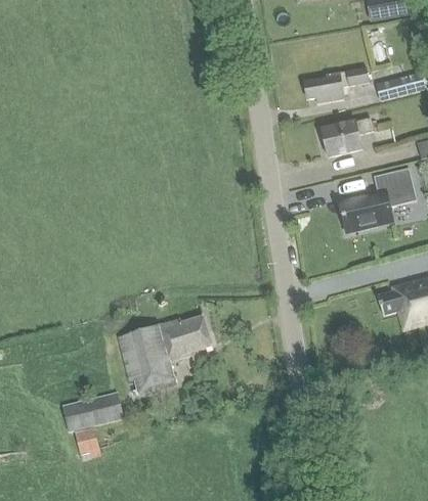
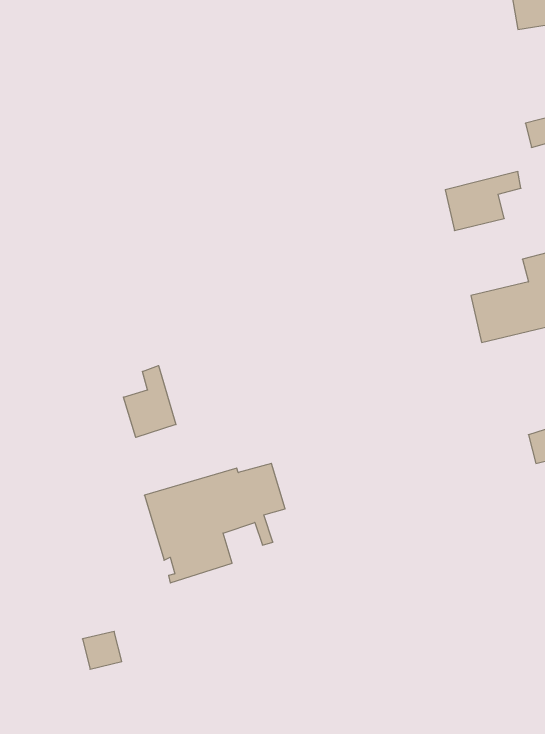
building: [303,66,368,102] -> none
building: none -> [123,366,176,437]
building: [62,392,124,430] -> none

